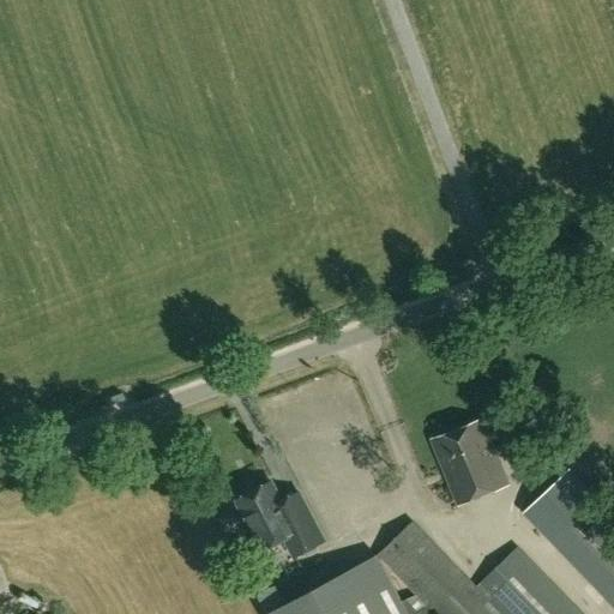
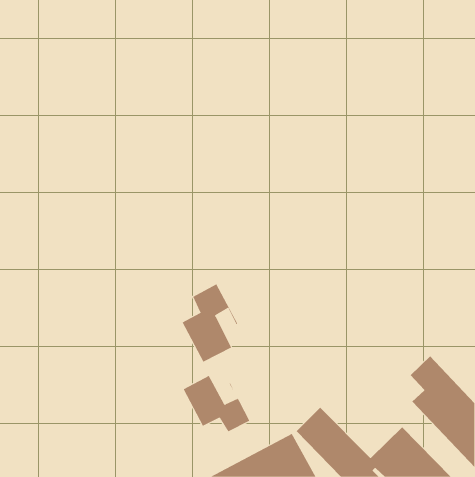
building: none -> [182,283,238,362]
building: [431,420,507,505] -> none

